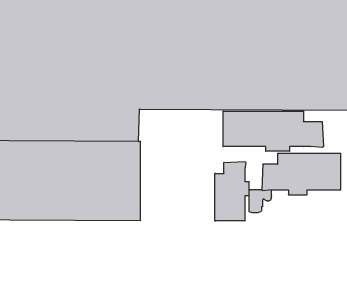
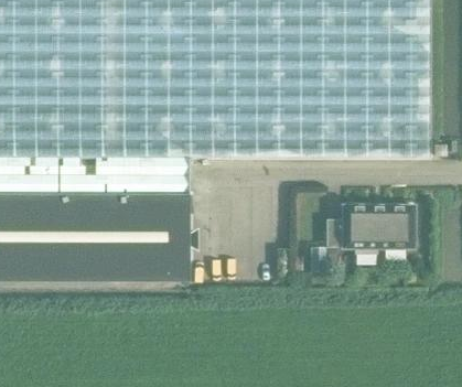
building: [223,111,323,151] -> none
building: [215,162,249,221] -> none

